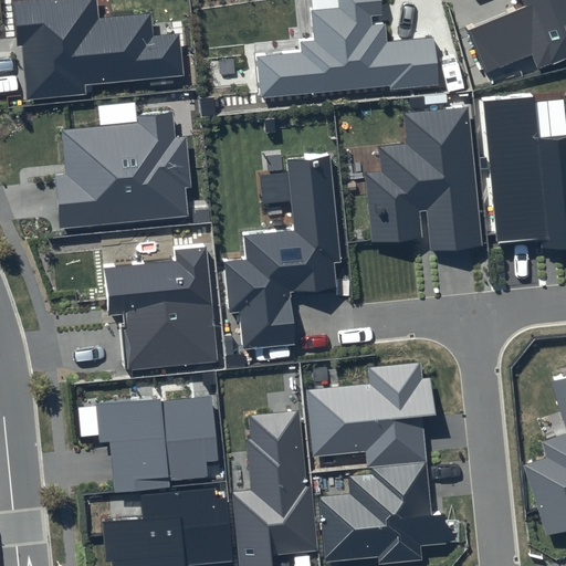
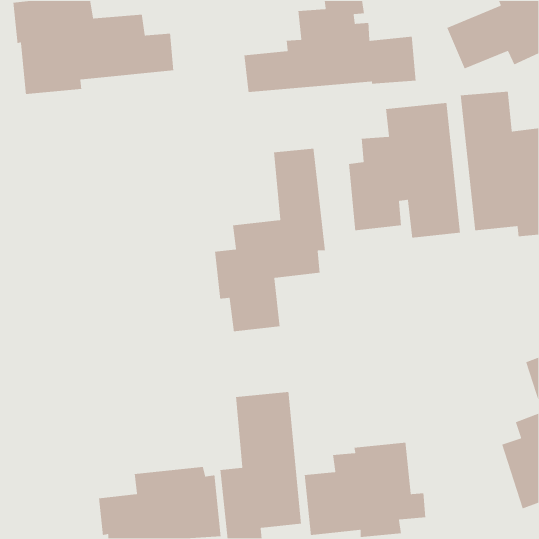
building: [55,112,191,228] -> none
building: [104,248,216,369] -> none
building: [306,363,438,467] -> none
building: [80,396,218,491] -> none

